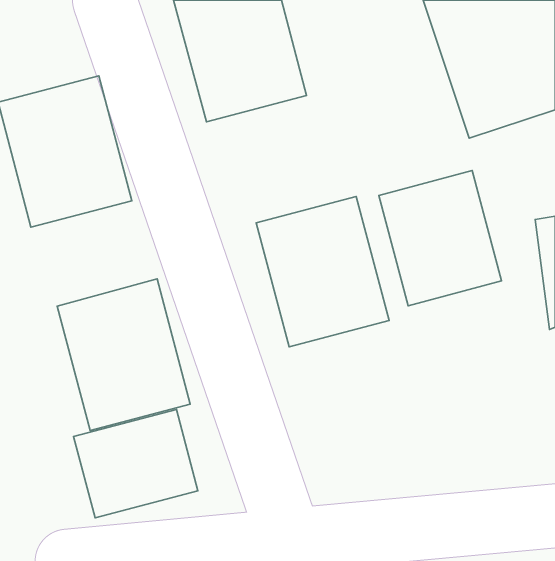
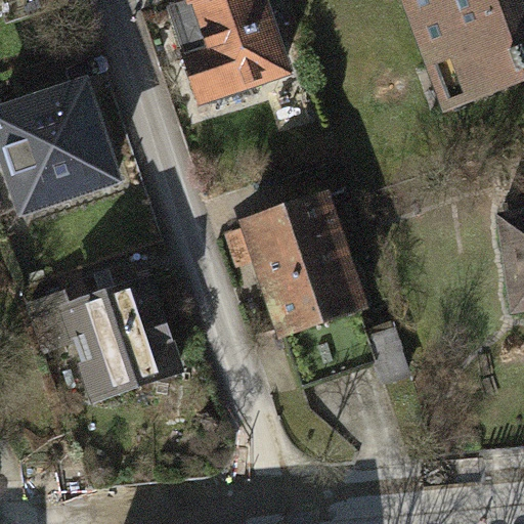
building: [379,170,502,306] -> none
building: [74,409,198,518] -> none

